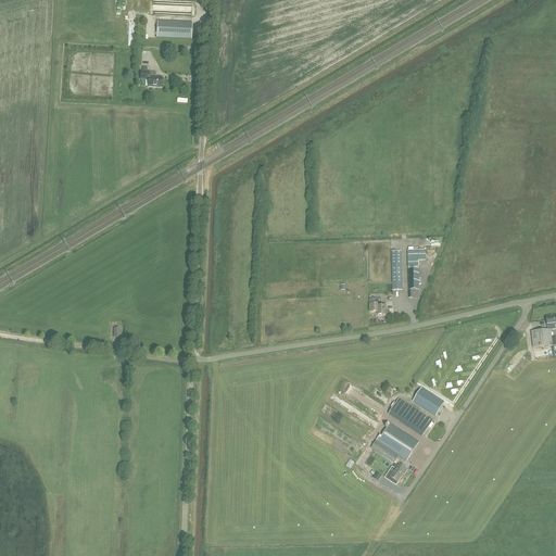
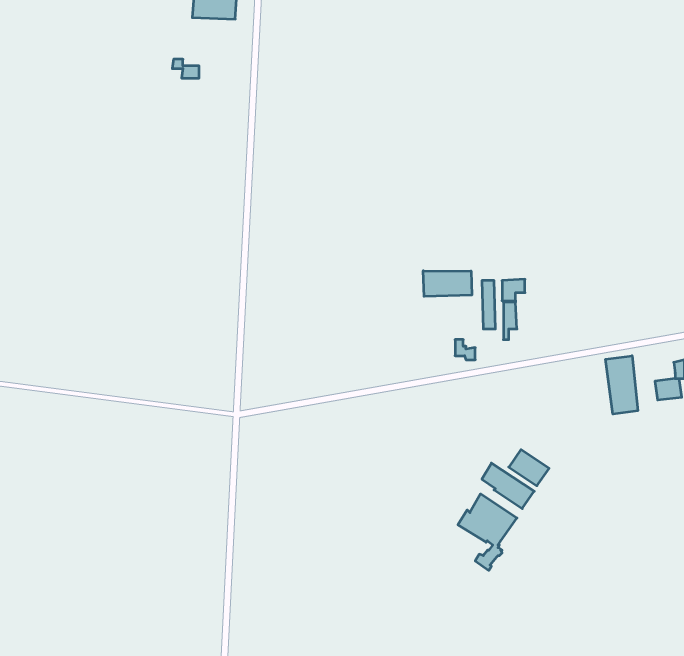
building: none -> [423,271,472,296]
building: none -> [606,356,638,414]

